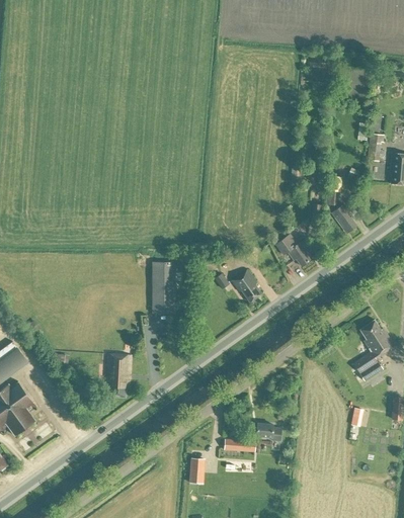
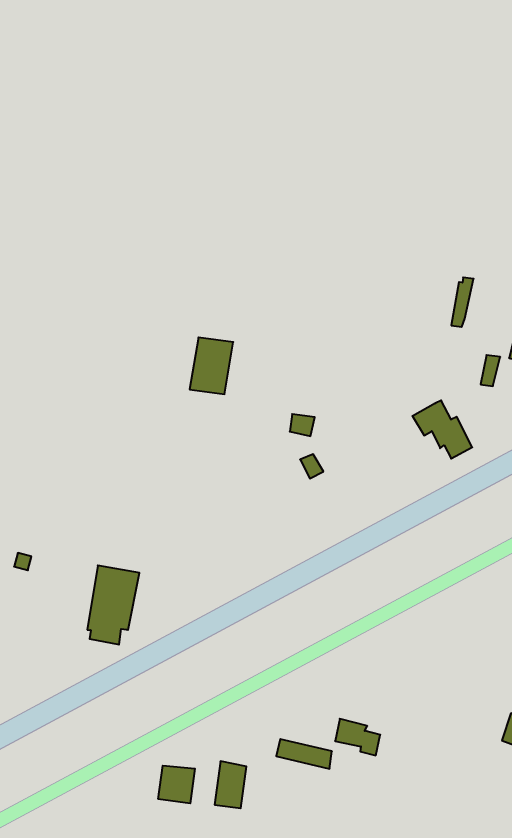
building: [231,269,262,303] -> none
building: [153,273,174,304] -> [190,337,233,394]
building: none -> [158,766,195,803]

